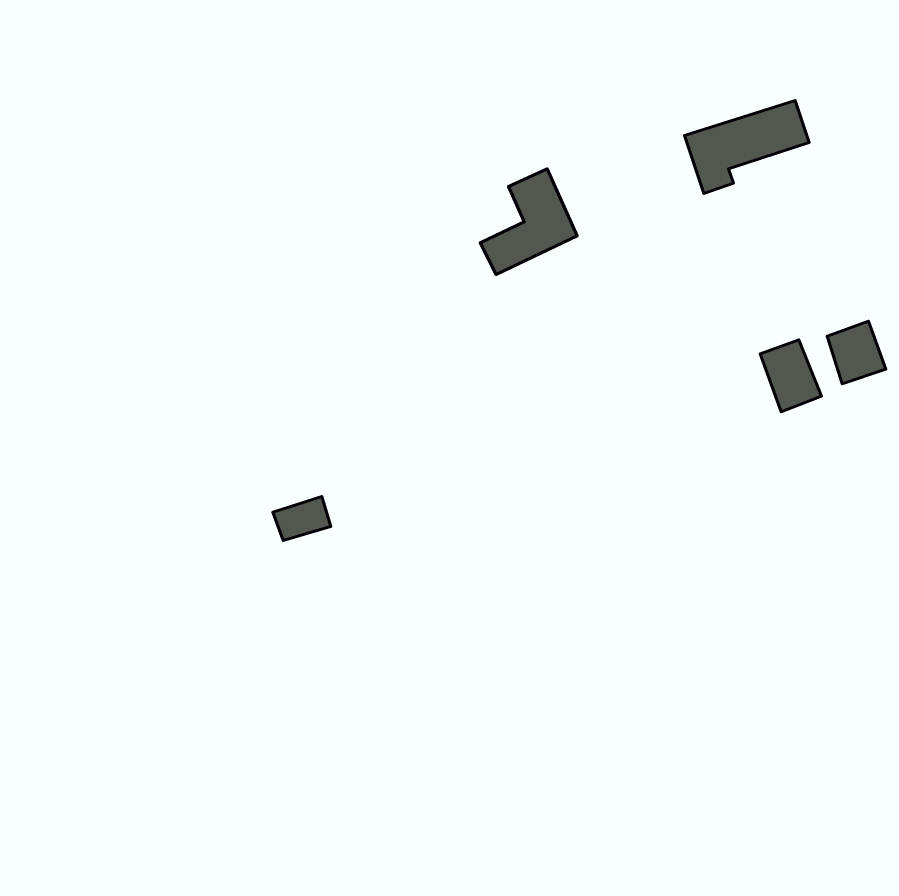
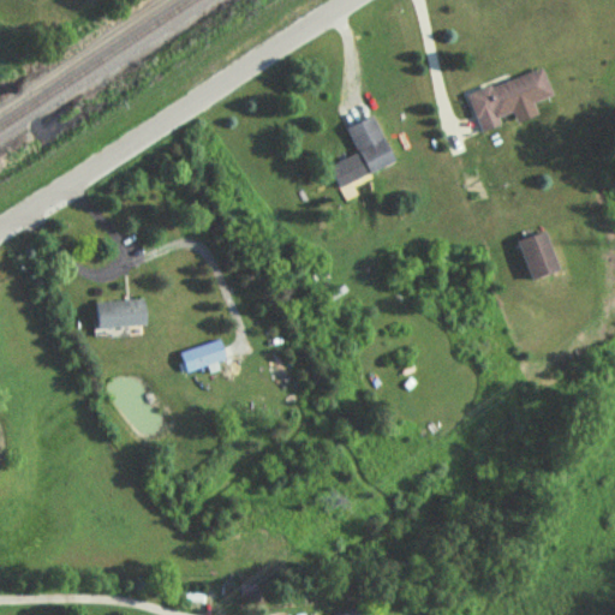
building: [827,321,886,384] -> none
building: none -> [95,300,144,328]

